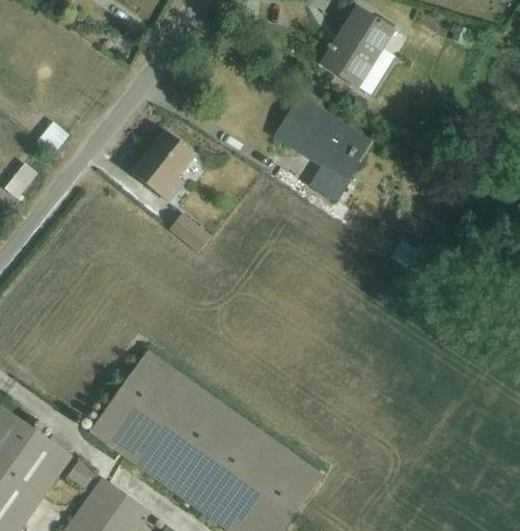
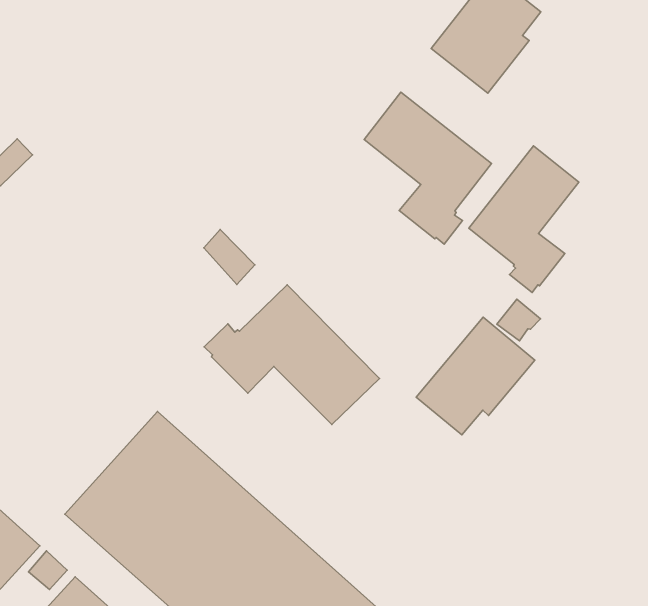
building: none -> [469,146,579,292]
building: [129,129,195,202] -> none
building: none -> [204,285,379,425]
building: none -> [416,317,535,435]

